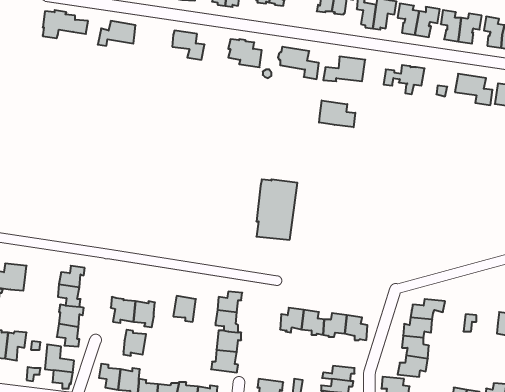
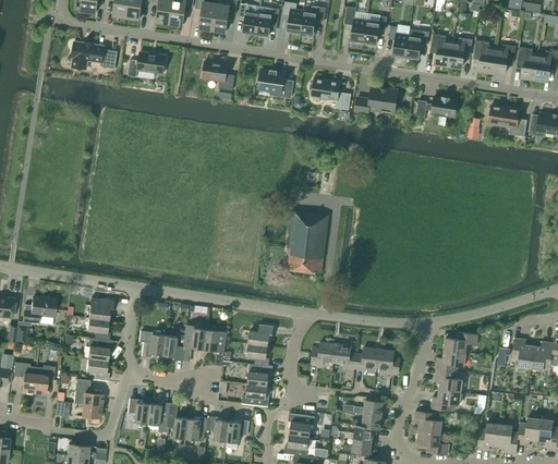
building: [319,100,355,127] -> none
building: none -> [510,338,532,367]
building: [123,330,146,356] -> [183,325,206,351]

